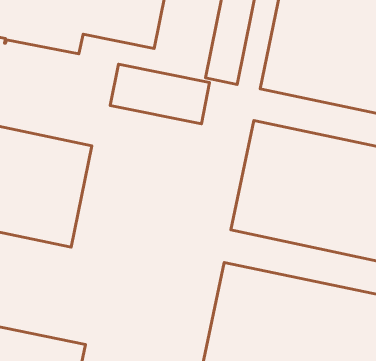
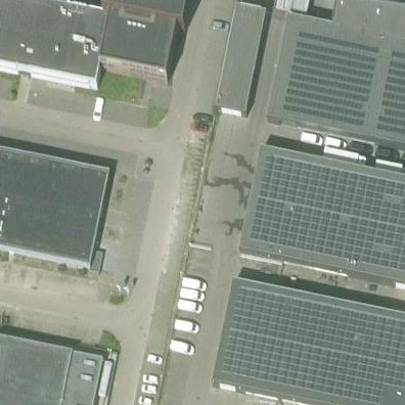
building: [110,64,209,124] -> none

